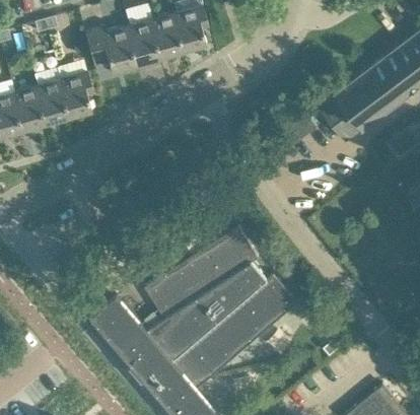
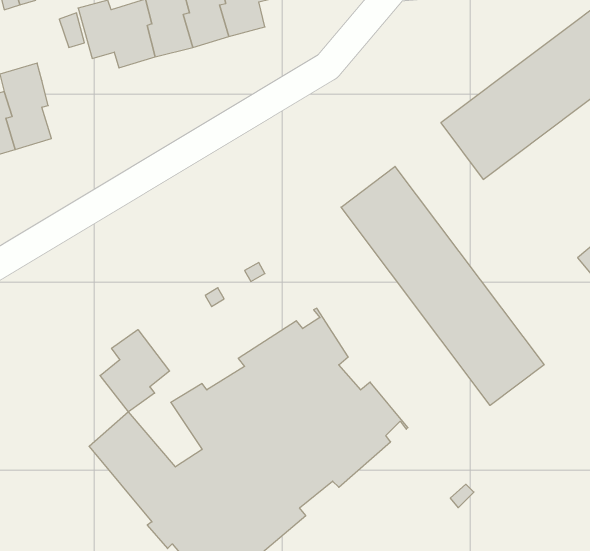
building: [60,72,92,117] -> none
building: none -> [341,166,544,405]
building: none -> [100,330,170,412]

